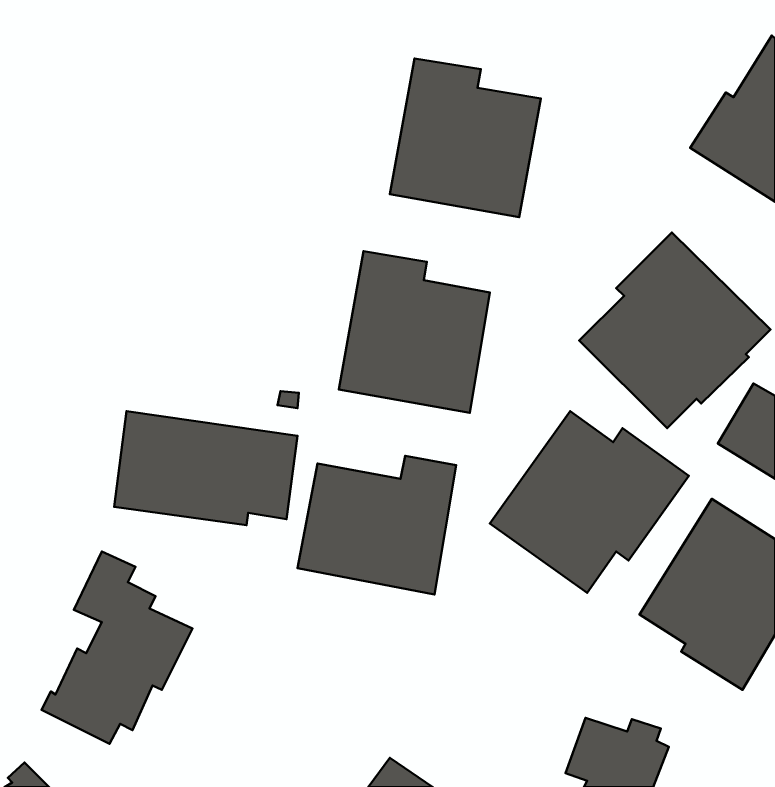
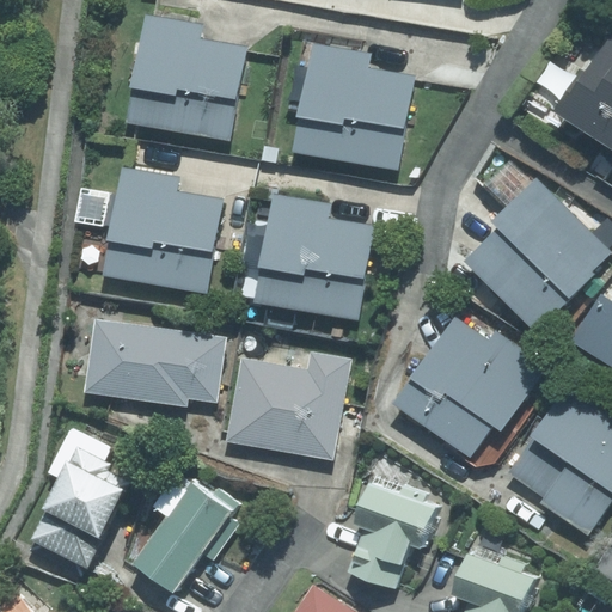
building: none -> [130,16,252,140]
building: none -> [109,169,231,293]
building: none -> [148,479,244,590]
building: none -> [333,485,422,592]

